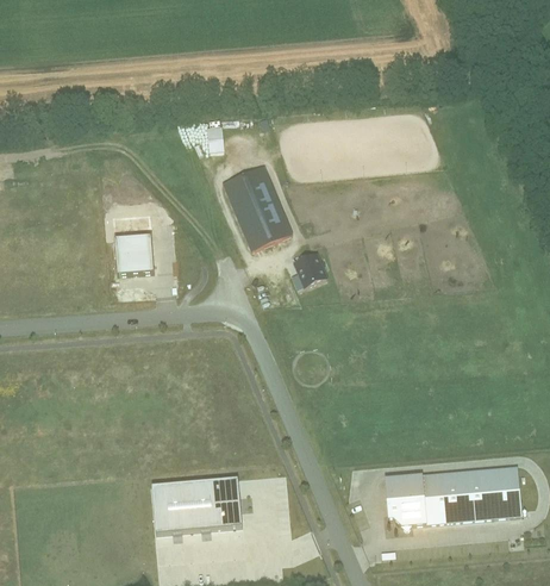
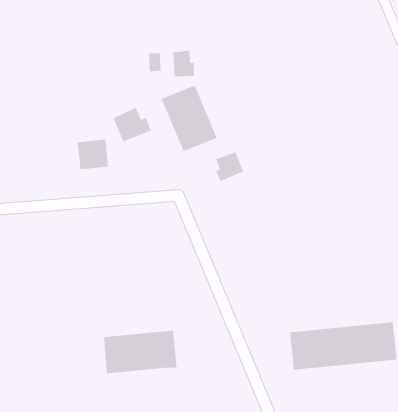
building: none -> [173,50,195,77]
building: none -> [113,107,152,143]

